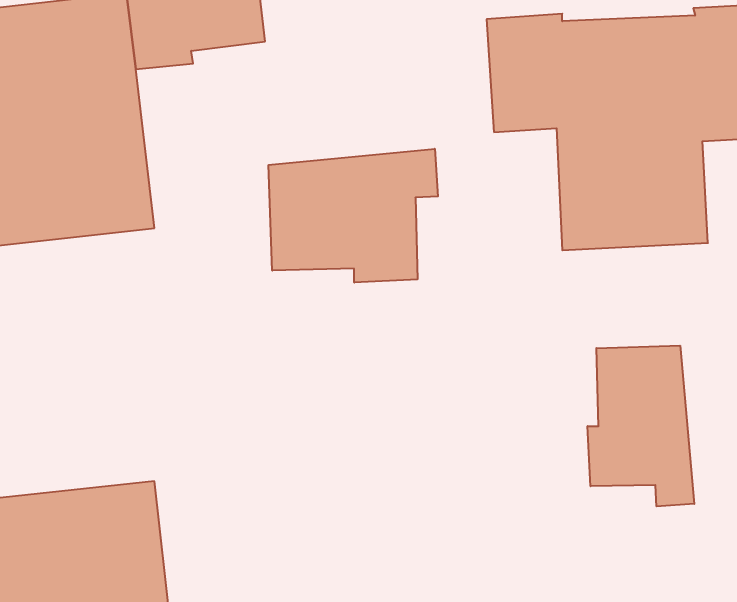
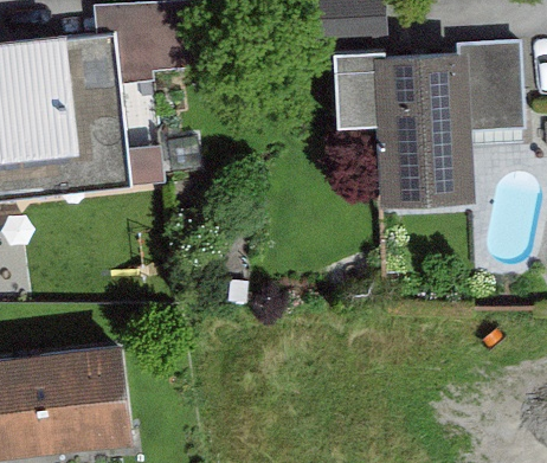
building: [269,149,438,283] -> none
building: [588,346,694,506] -> none

